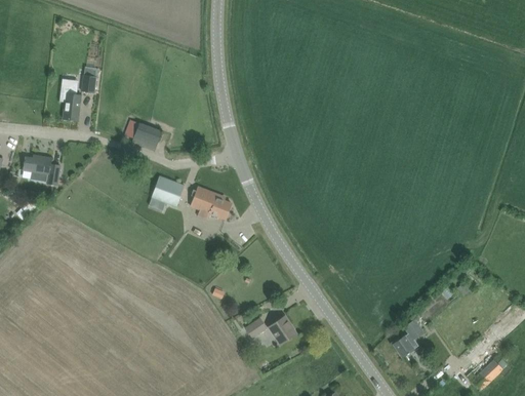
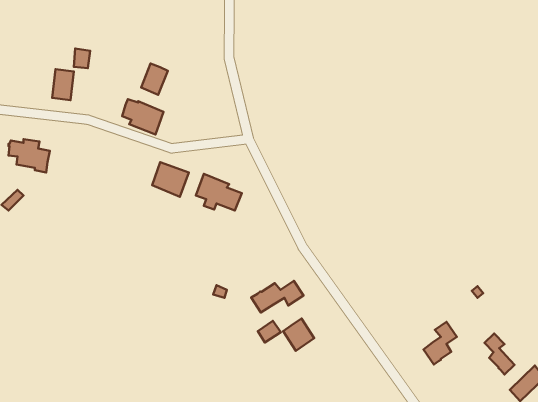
building: none -> [141,63,168,95]
building: none -> [251,281,304,312]
building: none -> [484,333,514,374]

